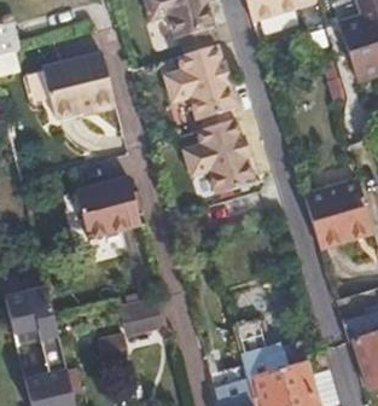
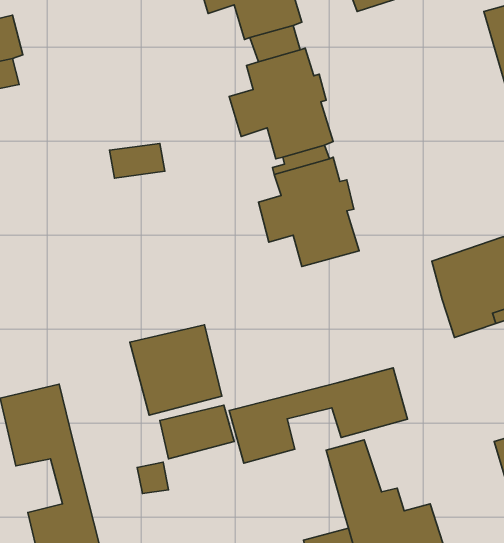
building: [40,52,114,116] -> none
building: [75,176,139,239] -> [130,325,222,415]
building: none -> [229,368,407,463]

